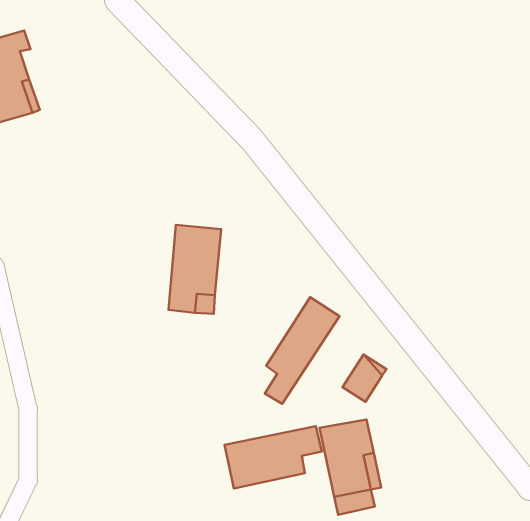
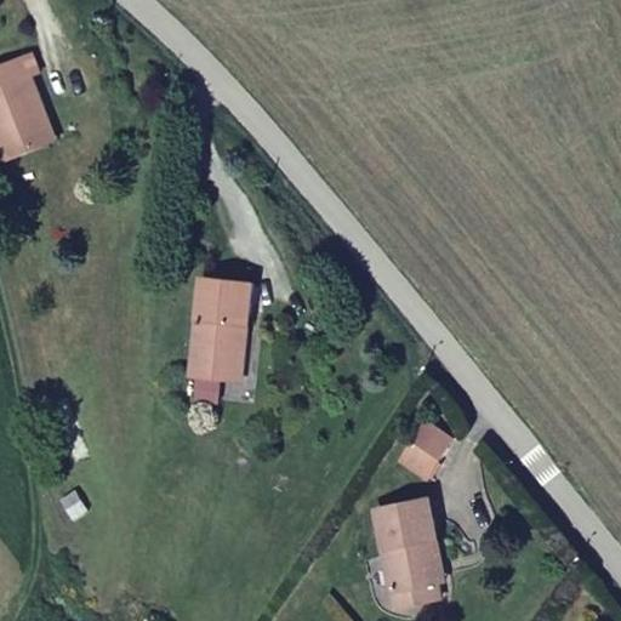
building: [265,297,339,404] -> none
building: [225,426,322,488] -> none

